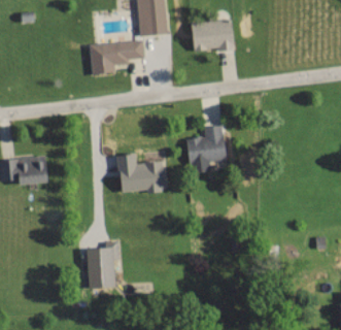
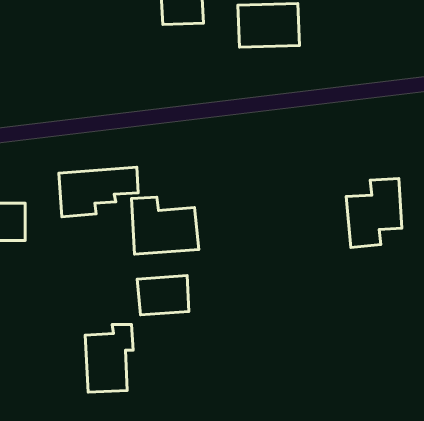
building: [90,40,144,74] -> [59,167,138,217]
building: [187,126,226,173] -> [346,179,402,248]
building: none -> [137,276,189,315]

